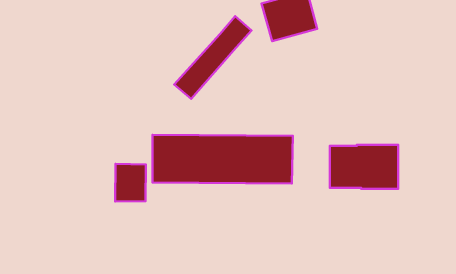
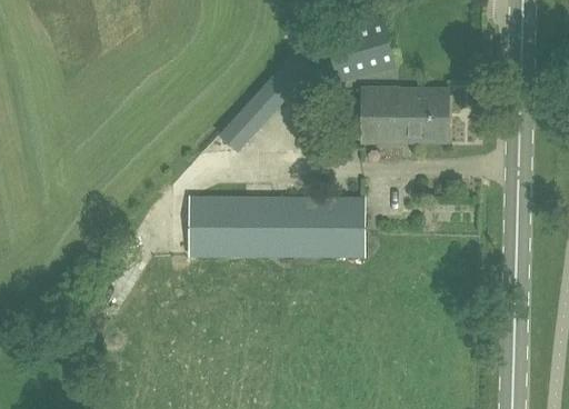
building: [330,145,398,189] -> [363,88,448,142]
building: [115,164,146,201] -> none

